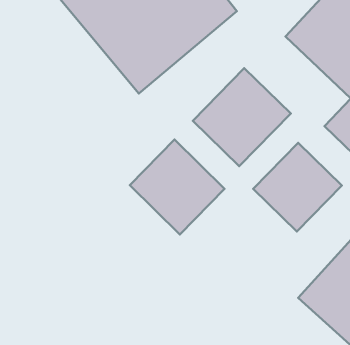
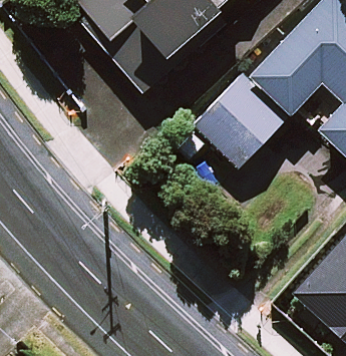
building: [130,140,225,234] -> none
building: [253,143,342,231] -> none

